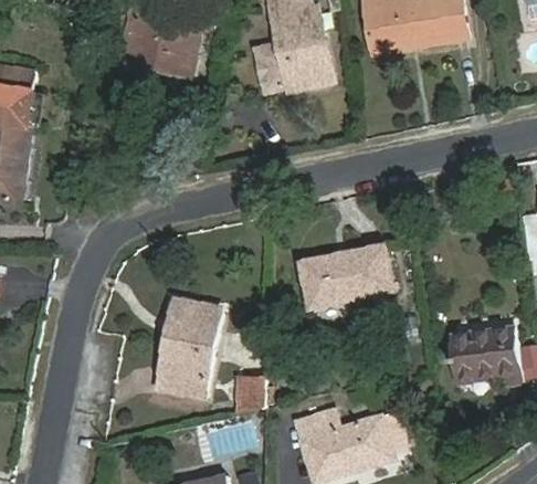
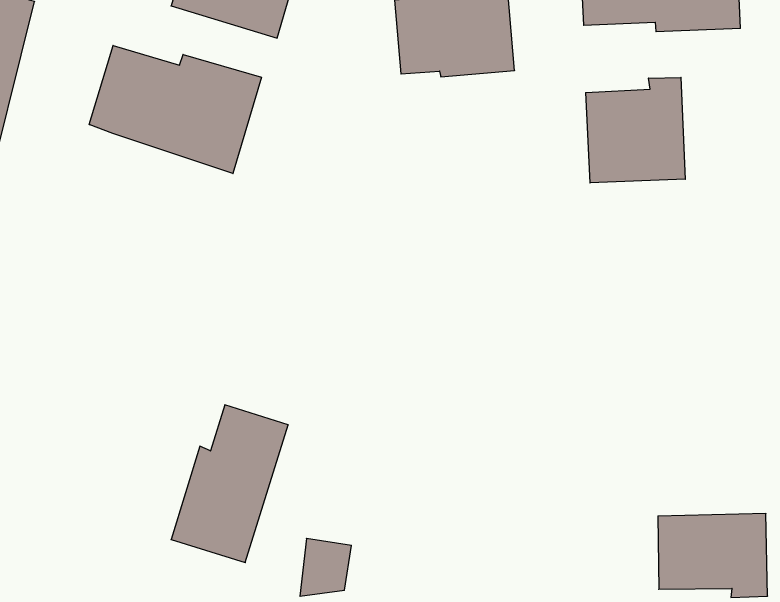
building: none -> [586,77,685,183]
building: none -> [89,45,261,174]
building: [302,245,391,307] -> none

